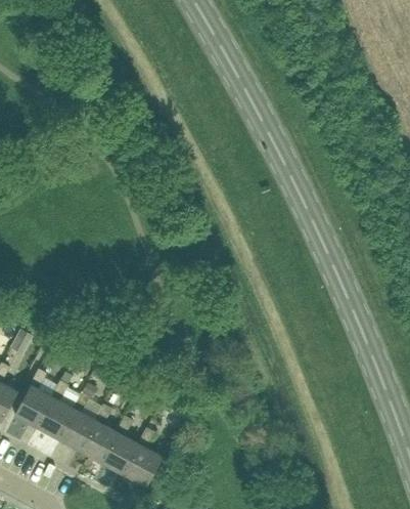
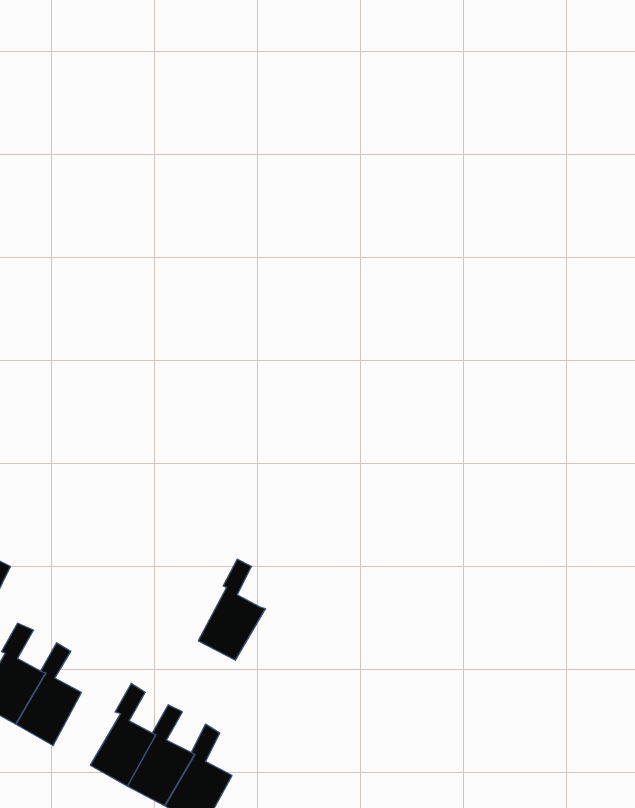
building: [56,393,95,452] -> [198,559,266,660]

